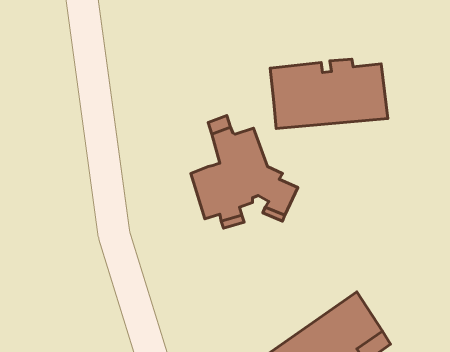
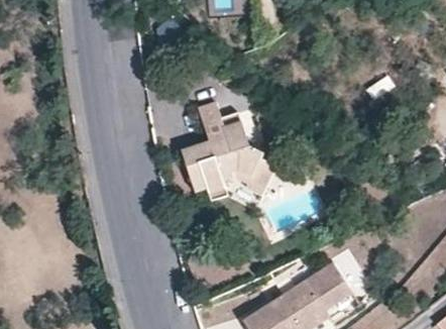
building: [270,59,388,129] -> none

